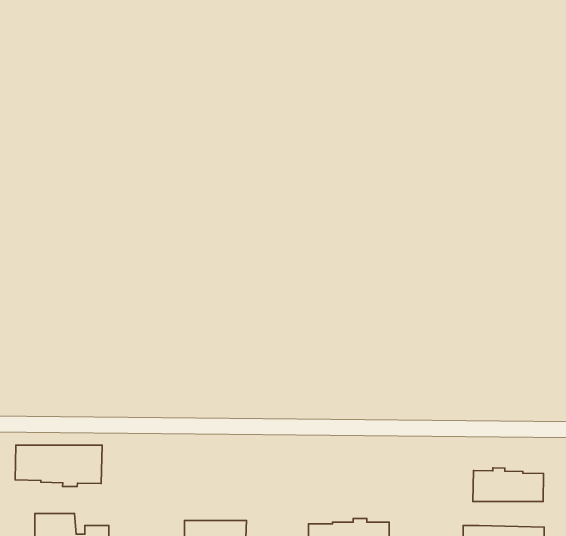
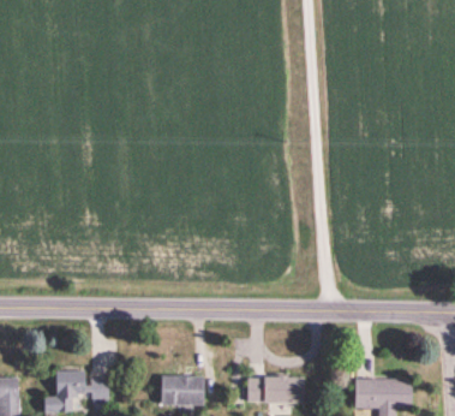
building: [15,445,102,487] -> none
building: [473,468,544,502] -> none

